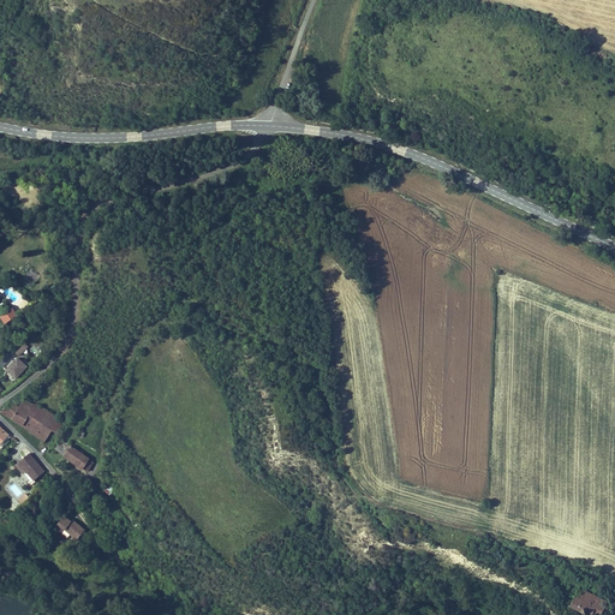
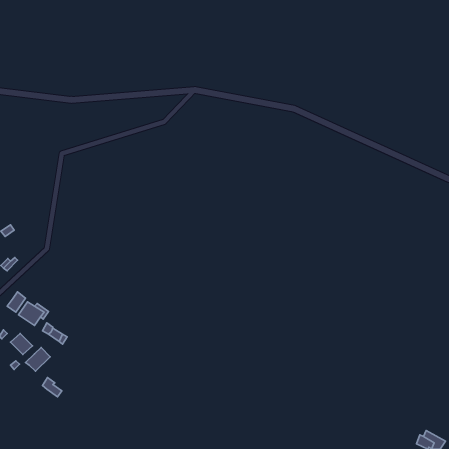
building: none -> [26,348,50,371]

